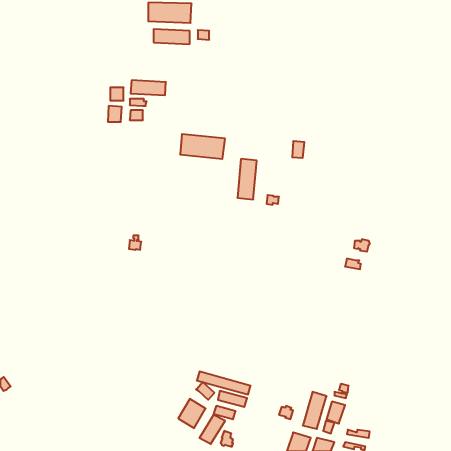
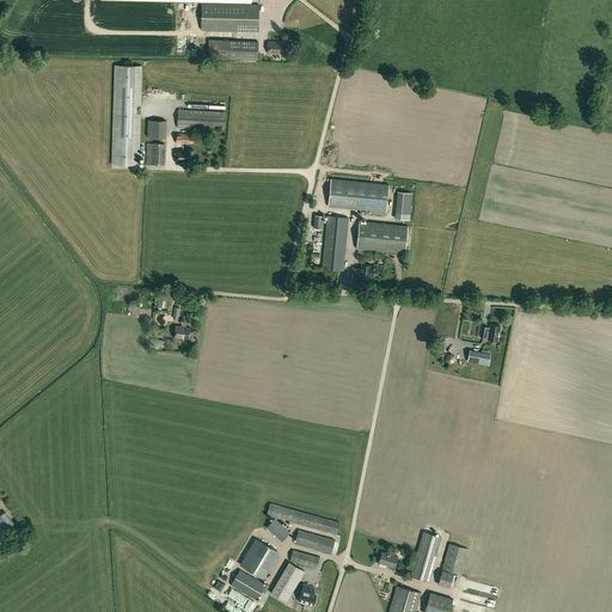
building: none -> [111,65,142,165]
building: [180,134,225,159] -> [328,178,388,212]
building: none -> [356,221,408,253]
building: none -> [231,569,268,600]

